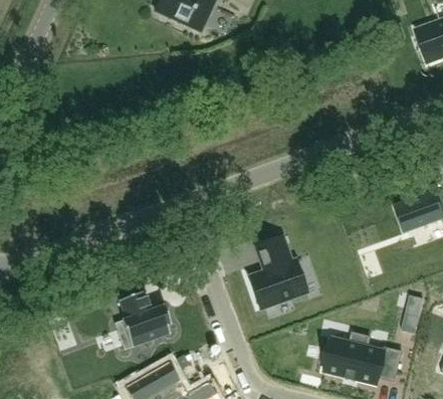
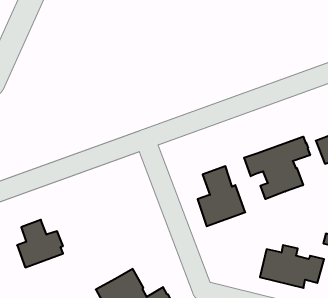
building: none -> [244,137,310,199]
building: [115,291,171,350] -> [17,220,63,267]

